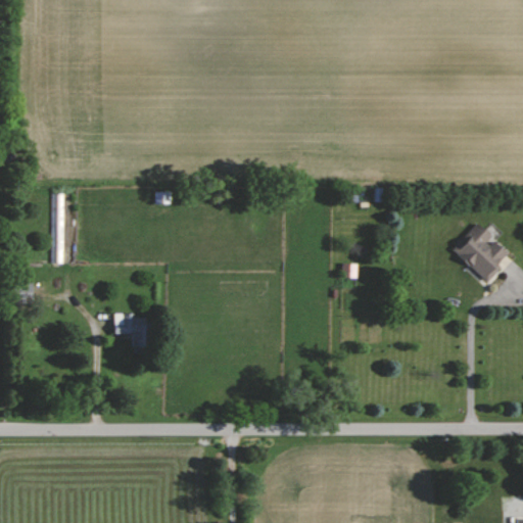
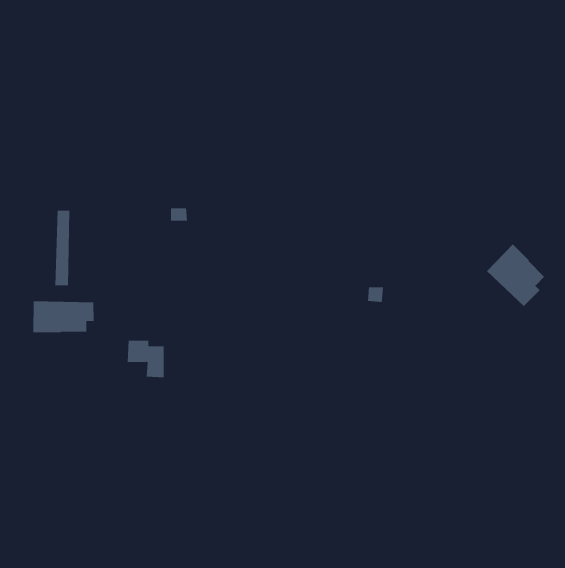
building: none -> [33,300,94,333]

